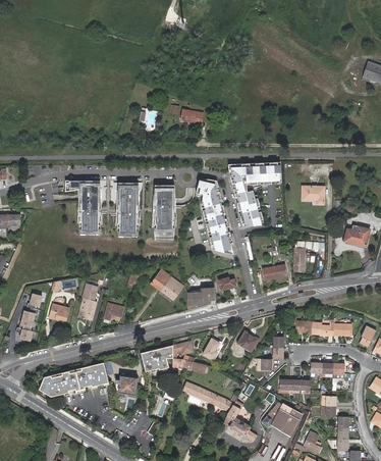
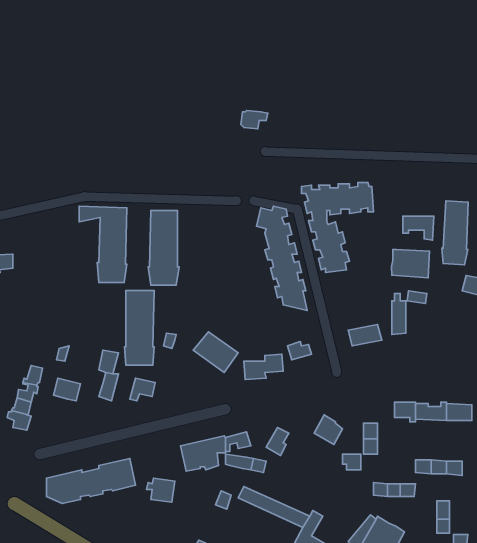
building: none -> [442,201,468,265]
building: [154,185,175,239] -> [125,291,154,365]
building: none -> [392,249,430,278]

